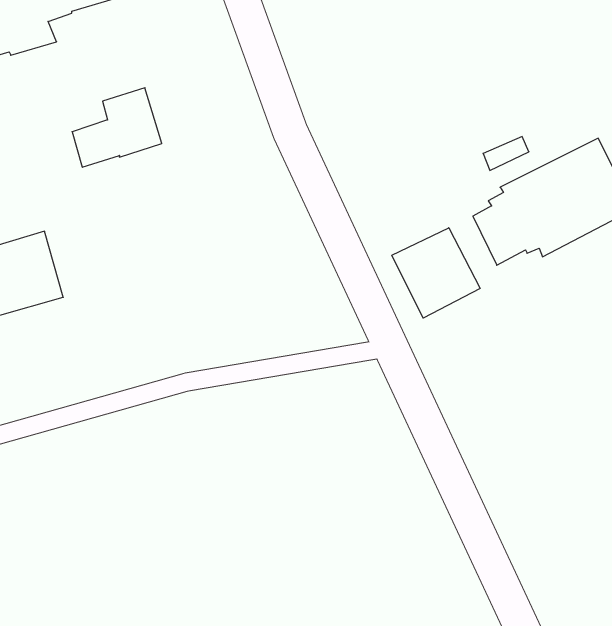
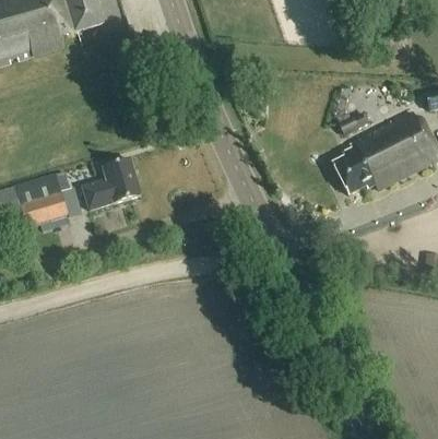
building: [72,88,162,167] -> [83,158,141,210]
building: [392,228,480,318] -> none

